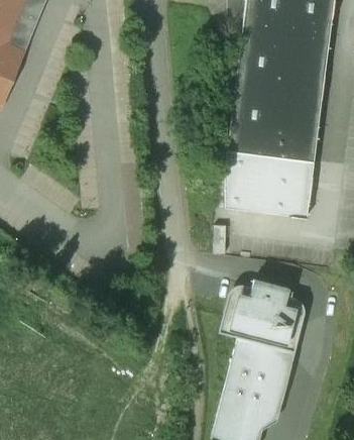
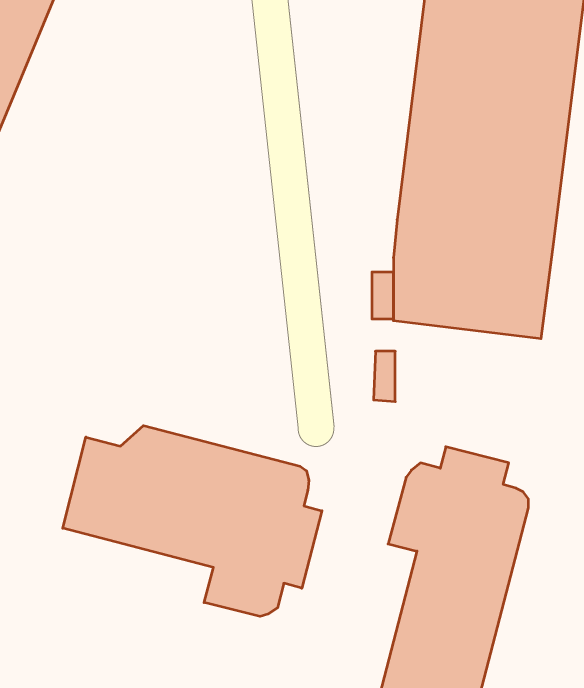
building: none -> [63,426,322,616]

